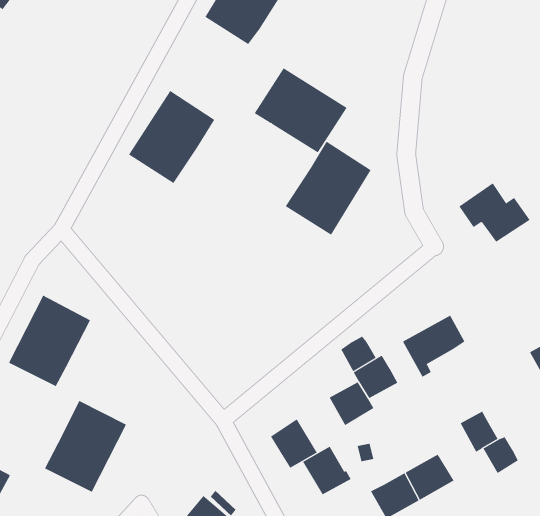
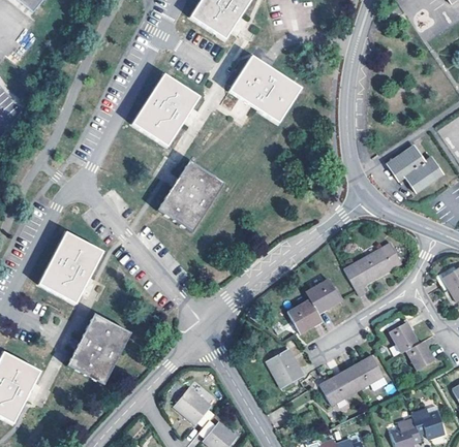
building: [285,141,372,236] -> [156,160,223,233]
building: [341,336,376,372] -> none
building: [270,419,317,469] -> none

